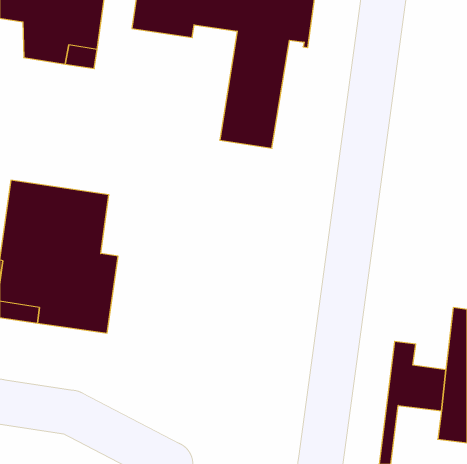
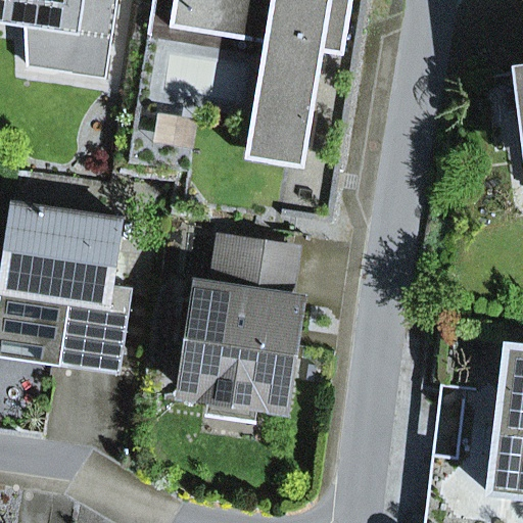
building: none -> [182,236,299,403]

